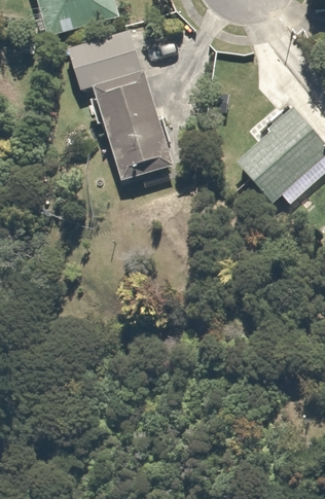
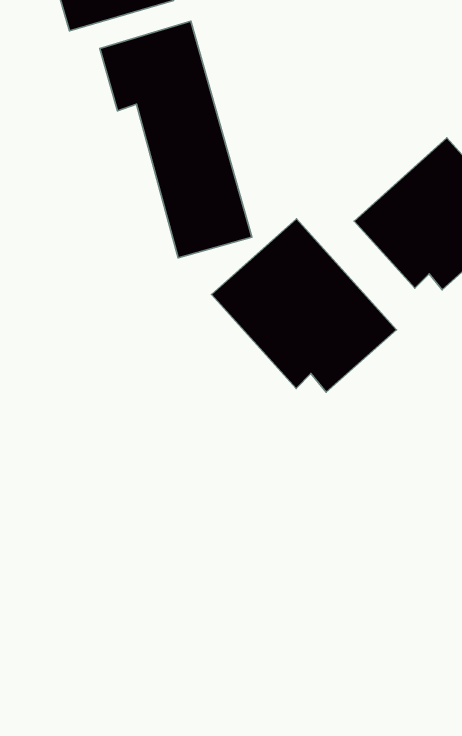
building: none -> [212,219,396,392]

